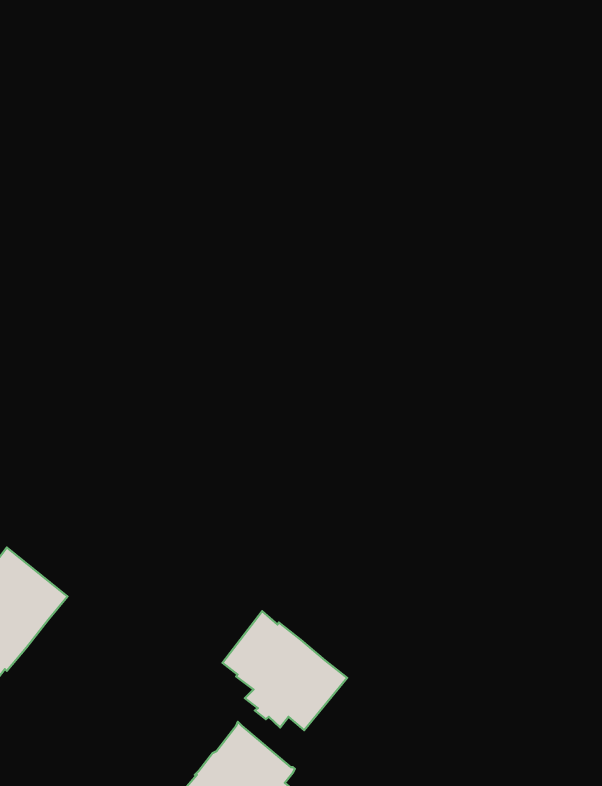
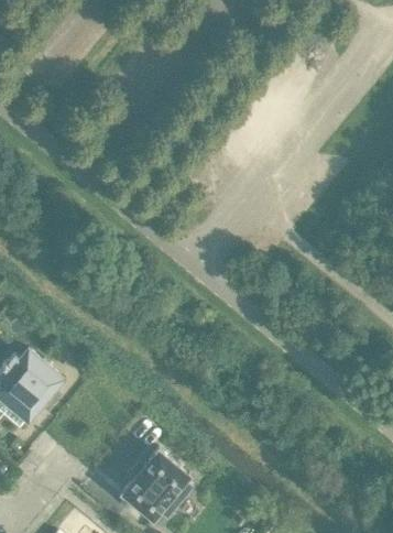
building: [222,611,347,730] -> none

